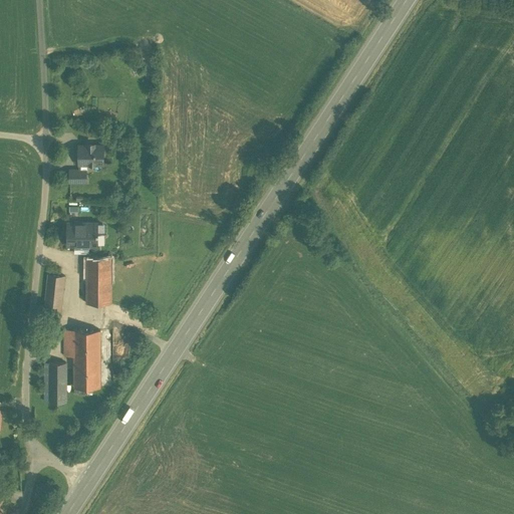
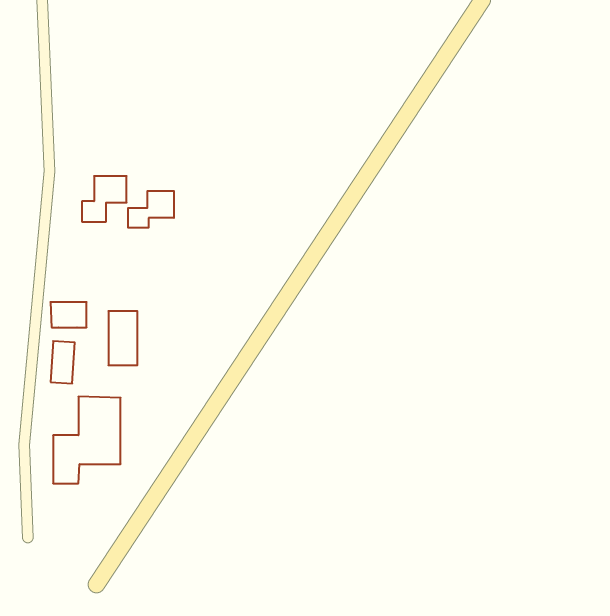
building: none -> [128,191,174,228]
building: [62,224,92,245] -> [50,302,87,327]

